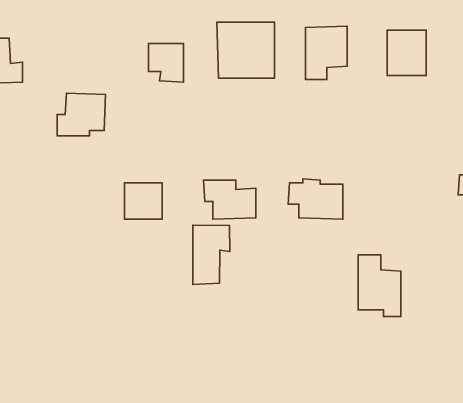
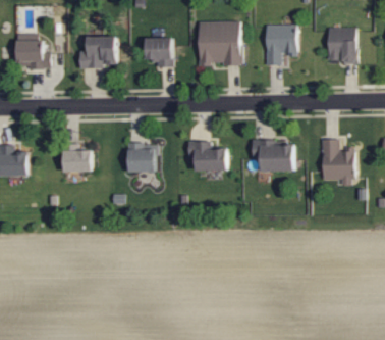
building: [57,93,105,136] -> [79,36,116,68]
building: none -> [63,144,92,172]
building: [193,225,230,284] -> none
building: [358,255,401,317] -> [321,138,353,185]

